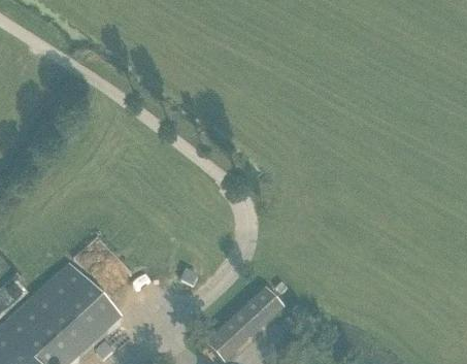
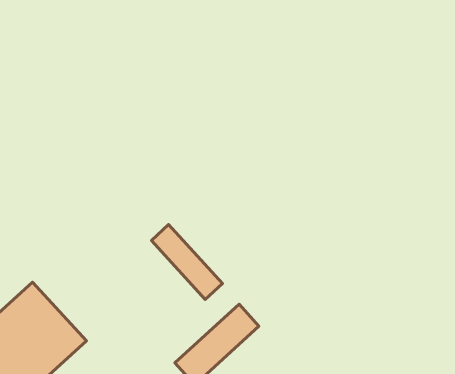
building: none -> [151,224,222,299]

